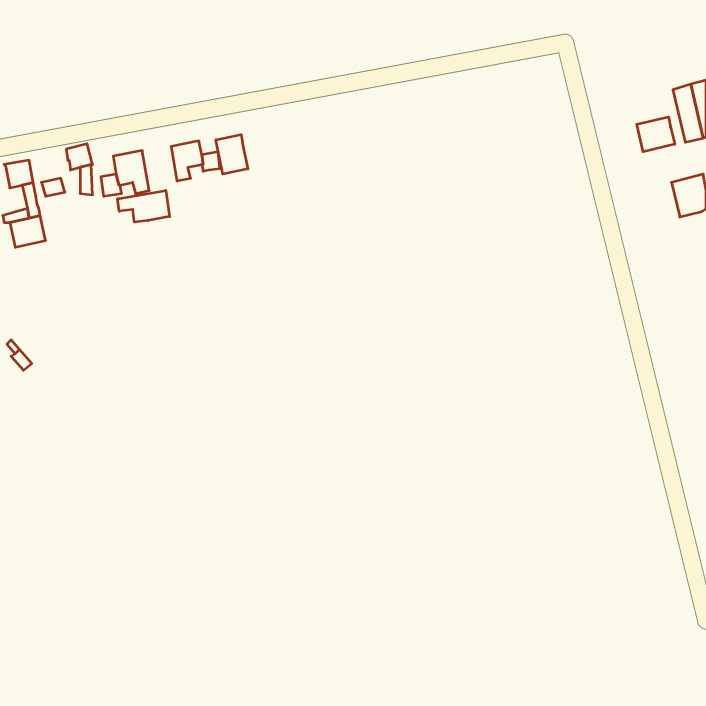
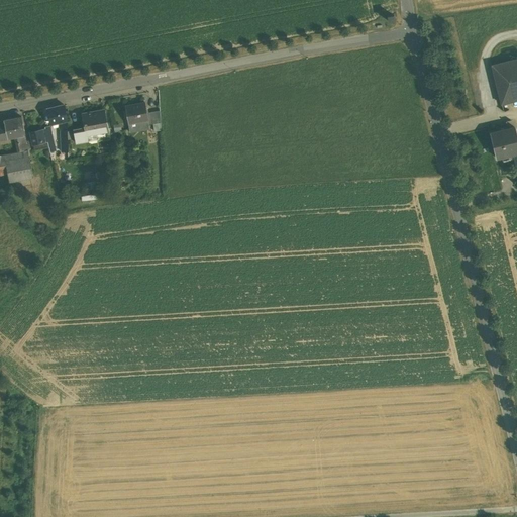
building: [637,117,675,152] -> none
building: [216,135,248,174] -> none
building: [118,190,170,222] -> none

